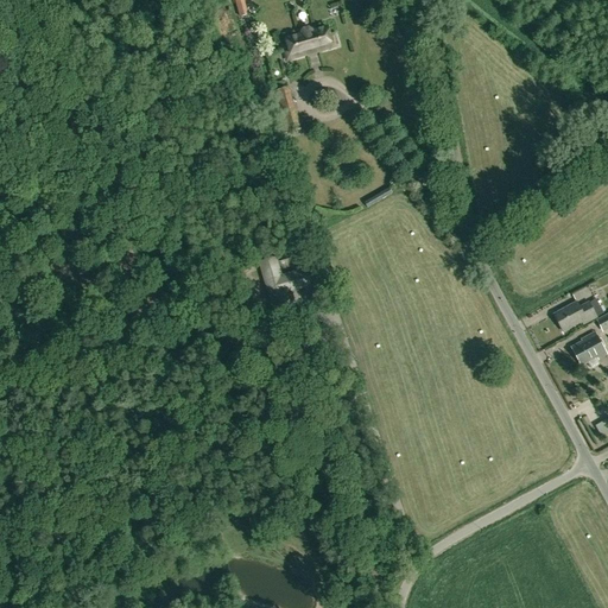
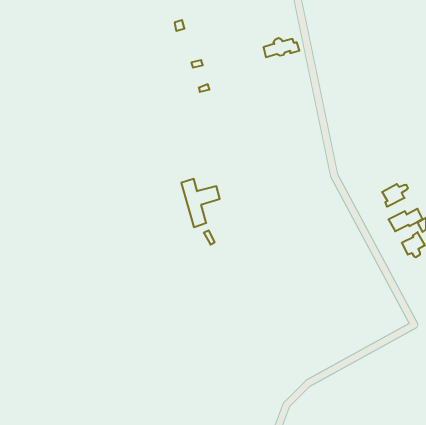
building: [285,25,336,52] -> [263,38,299,57]
building: none -> [382,184,408,207]

